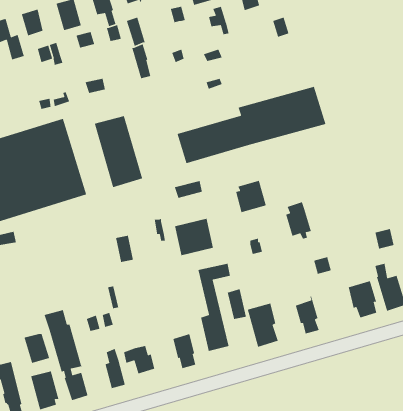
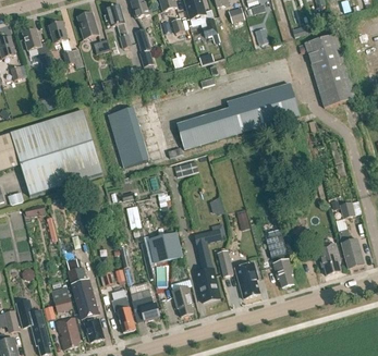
building: none -> [304,33,354,106]
building: [235,180,267,213] -> none
building: [285,201,312,240] -> [265,228,286,259]
building: [174,218,214,256] -> [148,231,181,262]

